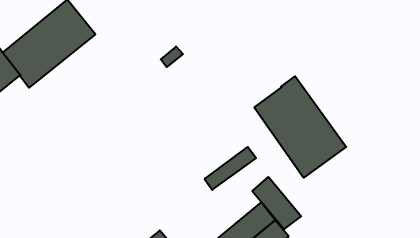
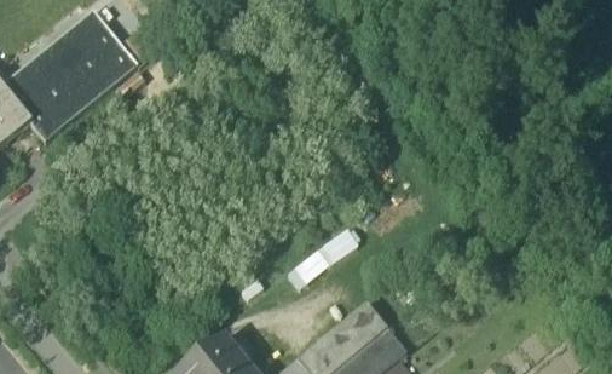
building: [254,76,346,178] -> none
building: [252,177,301,229] -> none

